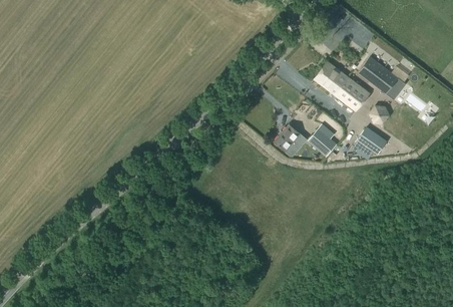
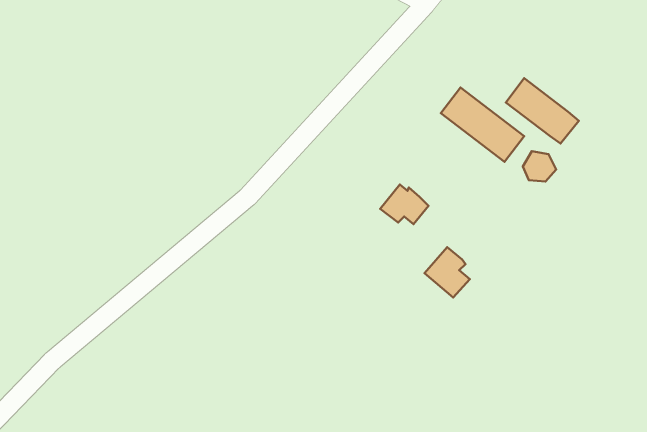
building: [307,123,337,157] -> [424,247,470,297]
building: [353,127,386,156] -> none

